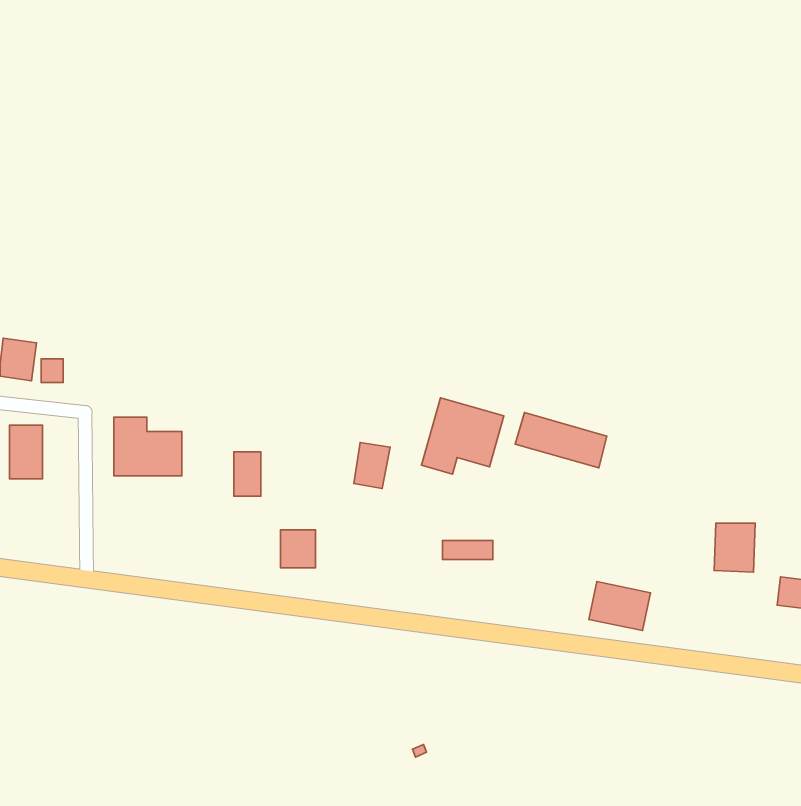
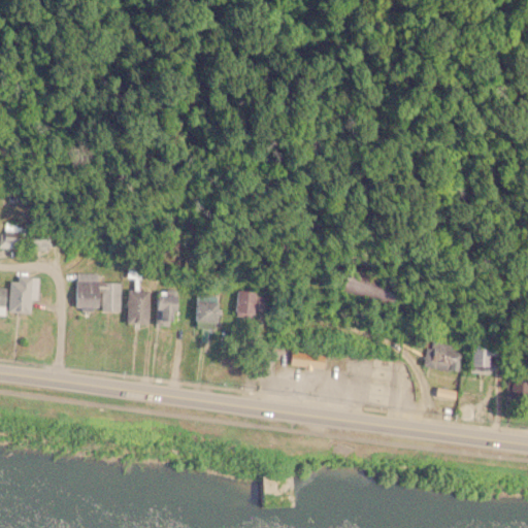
building: [422,398,504,474] -> none
building: none -> [129,291,151,324]
building: [281,530,315,568] -> [196,301,219,326]
building: [589,582,651,631] -> [425,341,465,373]

